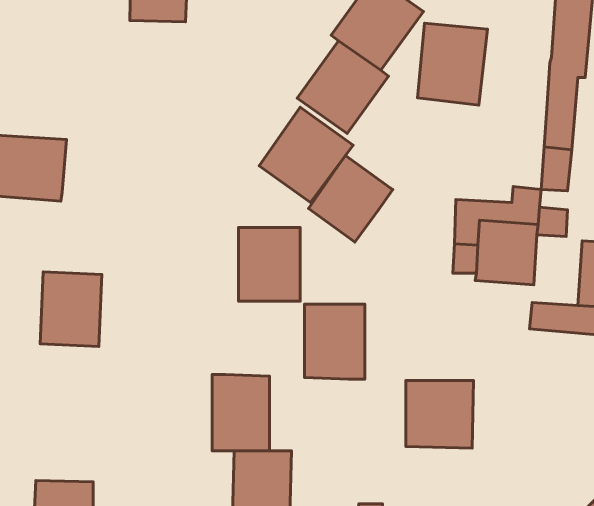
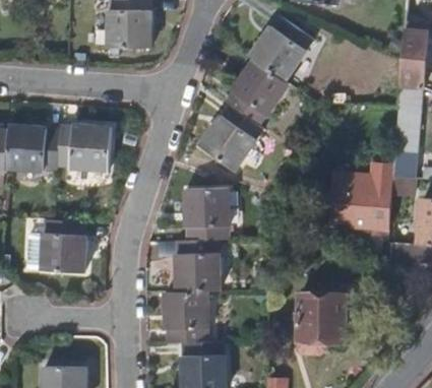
building: [418,23,487,105] -> none
building: none -> [63,122,116,168]
building: [308,155,393,242] -> none
building: [304,304,365,379] -> [176,240,218,292]

